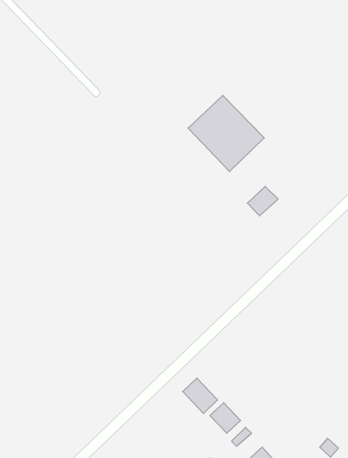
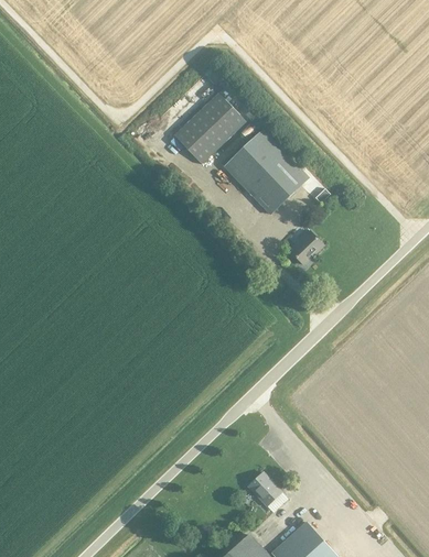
building: none -> [173,94,245,164]
building: [183,378,218,414] -> none

